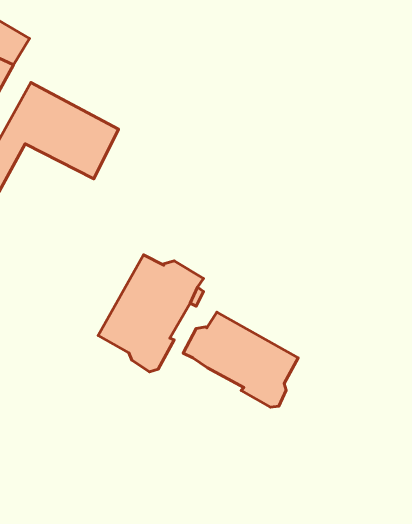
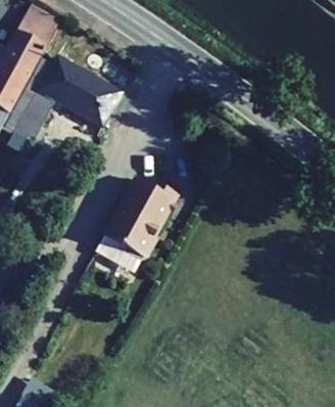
building: [183,312,298,407] -> none

